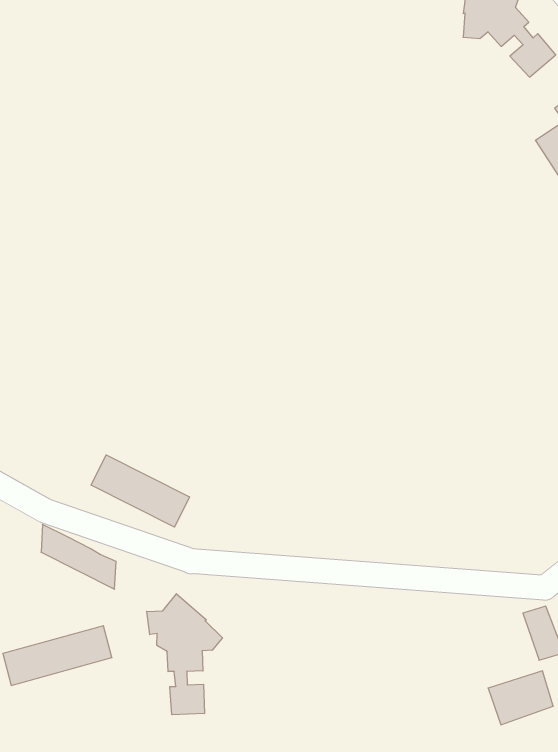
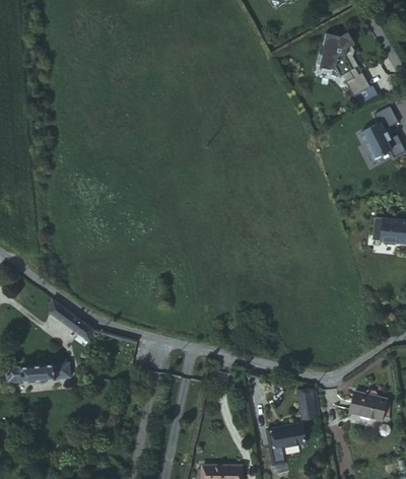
building: [91,455,189,527] -> none
building: [147,594,223,715] -> none

